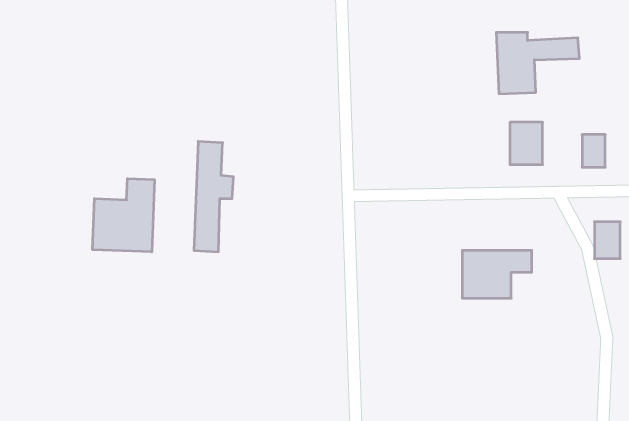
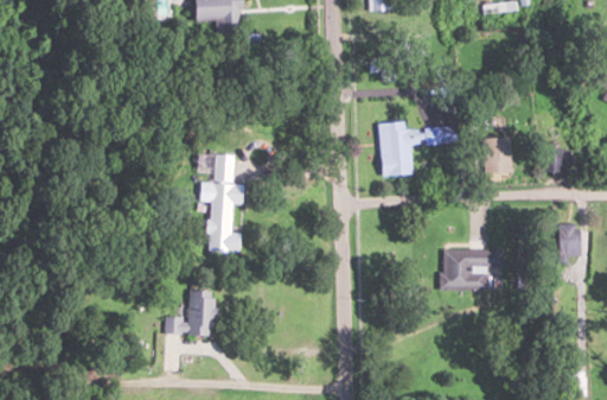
building: [496,32,579,94] -> [379,122,452,176]
building: [93,179,154,252] -> none
building: none -> [165,292,215,336]

